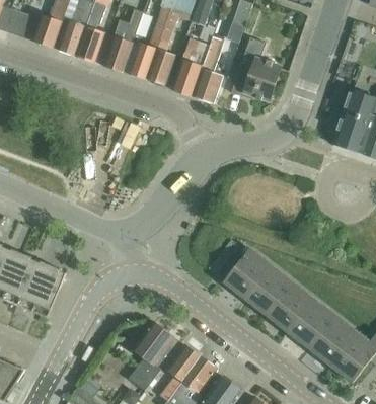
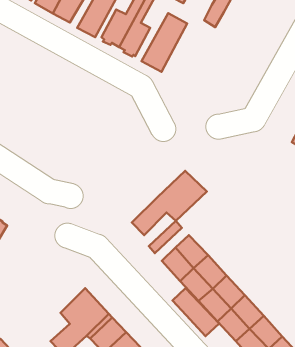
building: [193,35,224,102] -> none
building: [231,36,281,98] -> none
building: none -> [132,171,207,235]
building: none -> [173,288,219,336]

